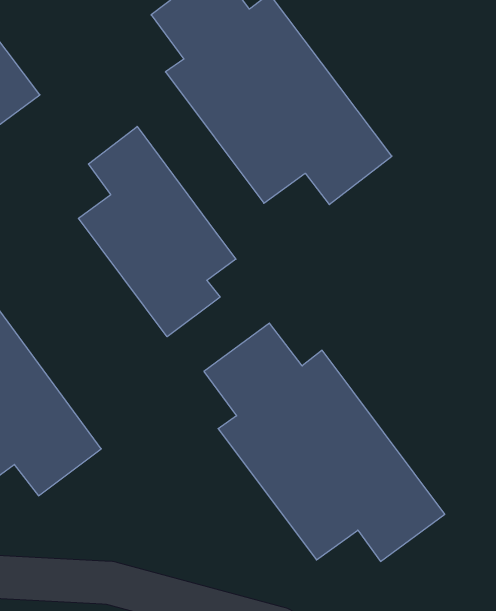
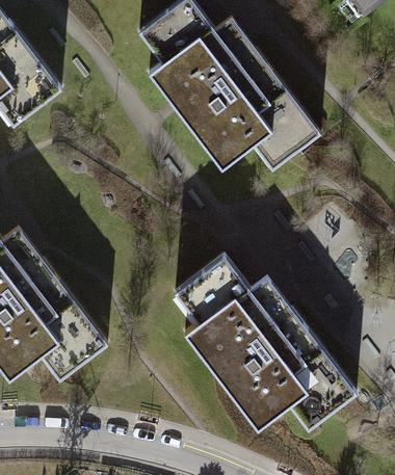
building: [78,126,236,337] -> none

